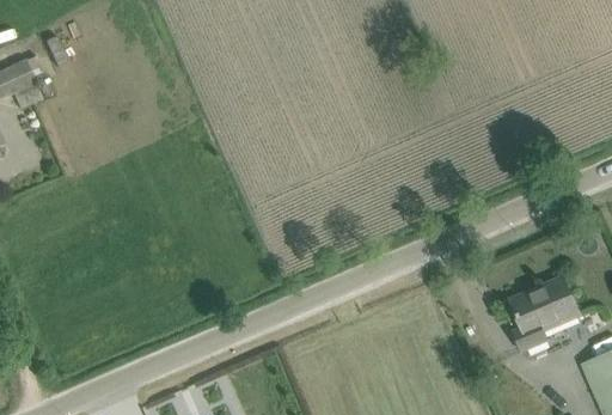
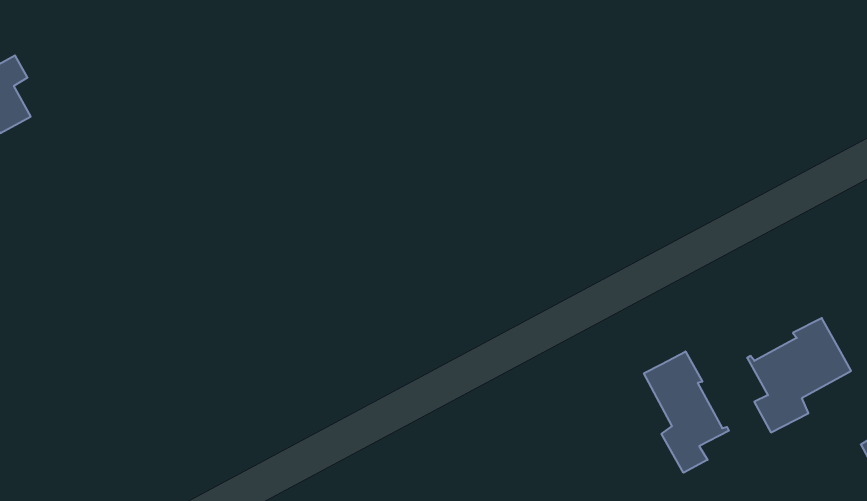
building: none -> [644,351,729,473]

